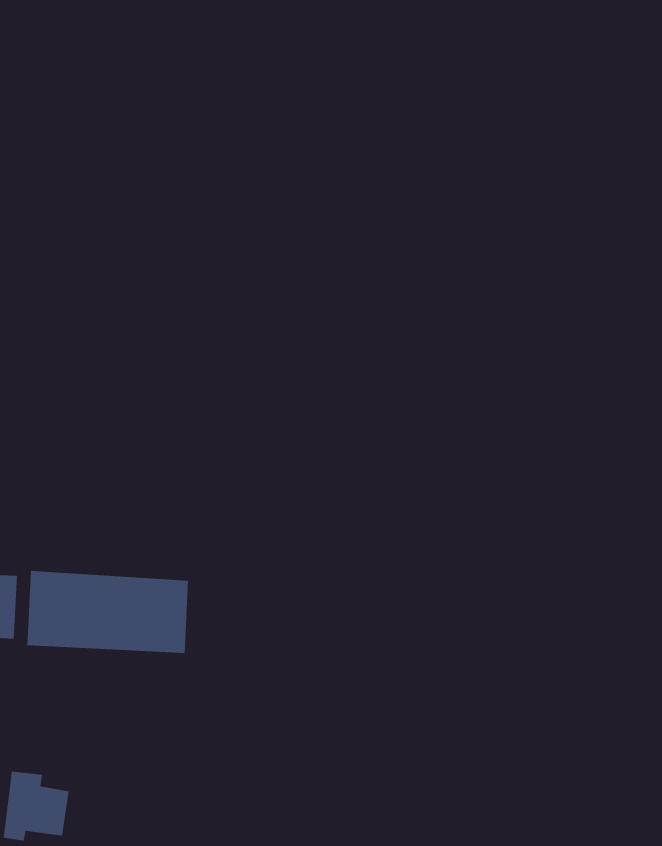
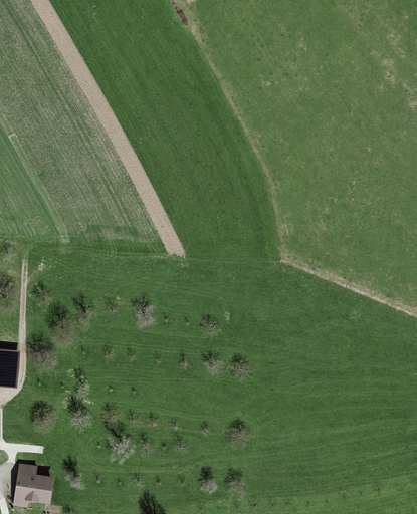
building: [27,570,189,654] -> none

